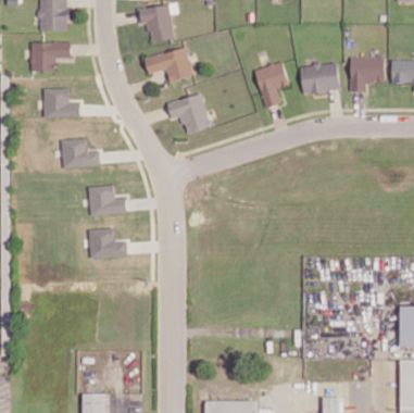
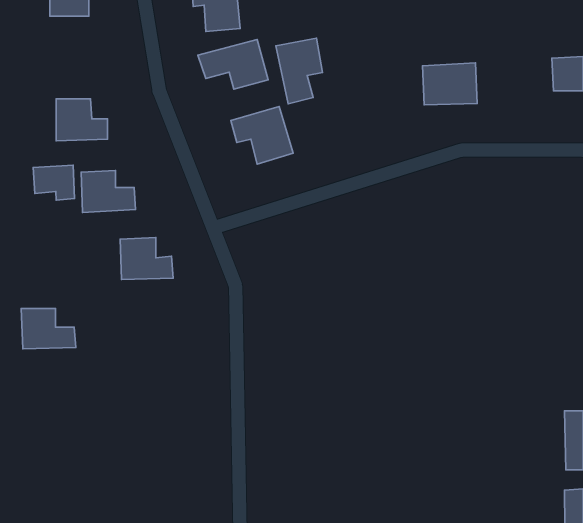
building: [32,41,71,72] -> none
building: [349,57,385,91] -> none
building: [254,62,287,108] -> [276,38,323,104]
building: none -> [33,165,75,200]
building: [89,228,127,256] -> [21,308,76,349]

